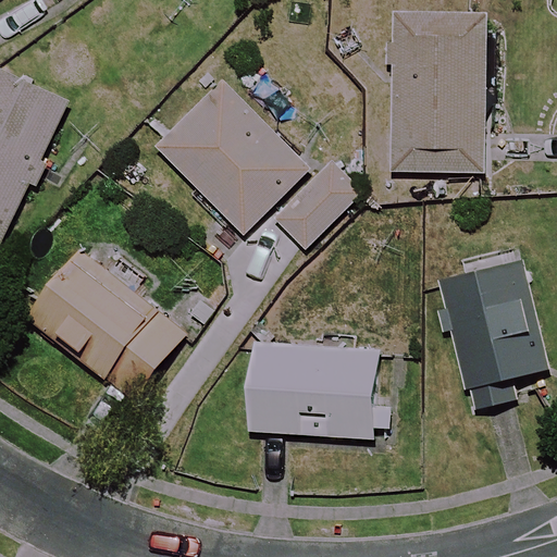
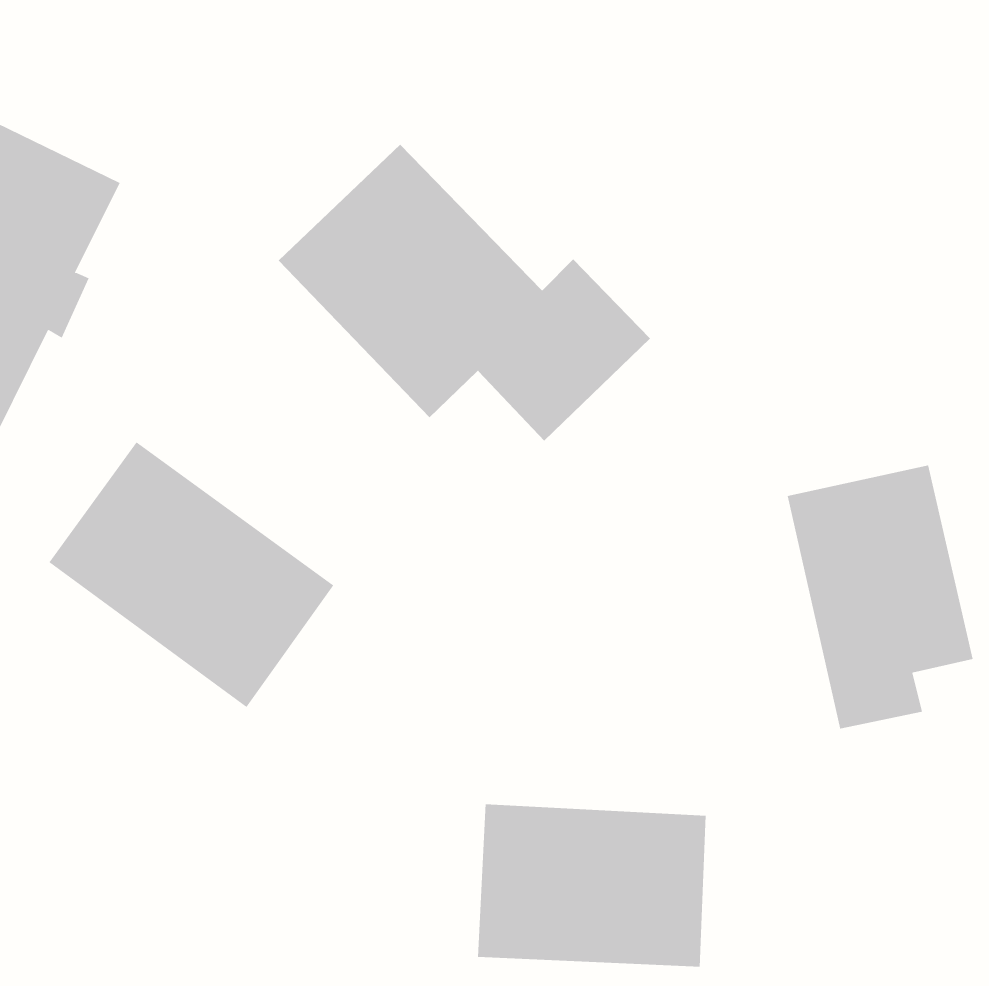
building: [388,14,485,173] -> none
building: [248,344,376,435] -> [477,804,706,967]

